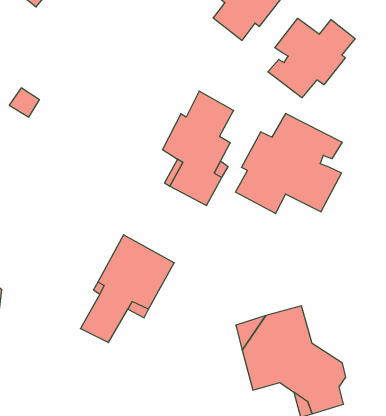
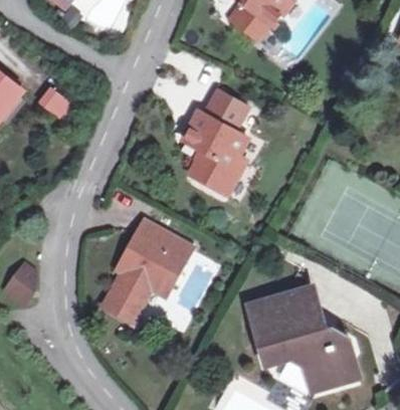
building: [268,18,355,98] -> none
building: [235,113,342,214] -> none

